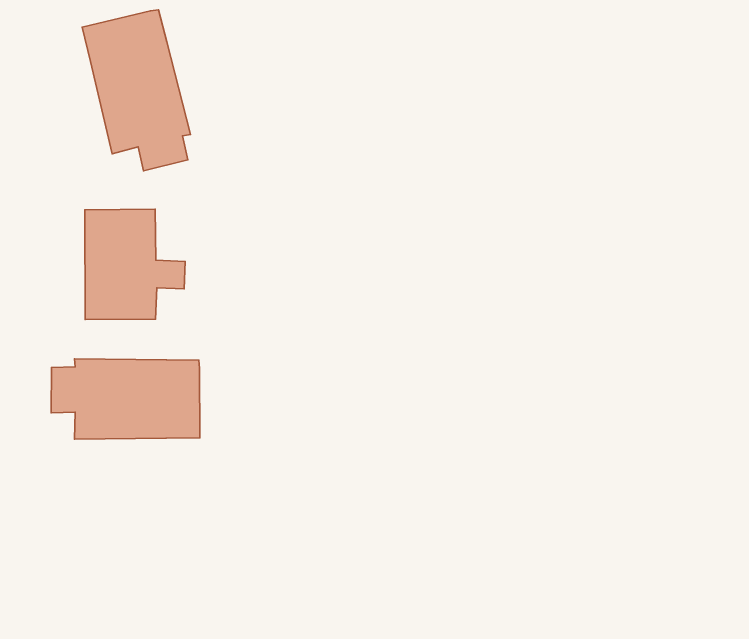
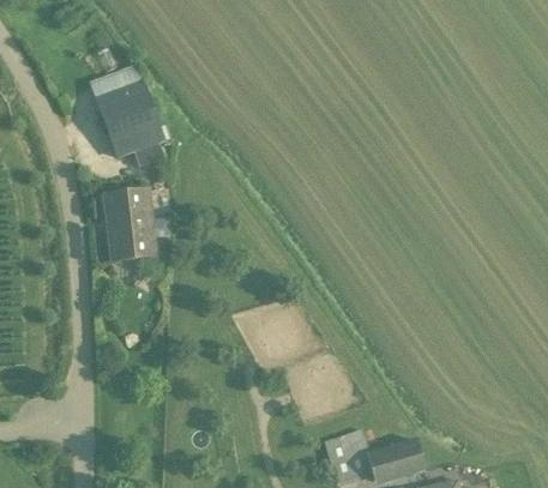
building: [51,359,200,439] -> none

